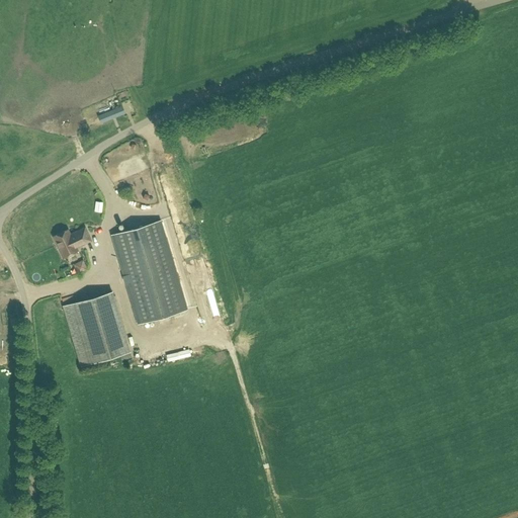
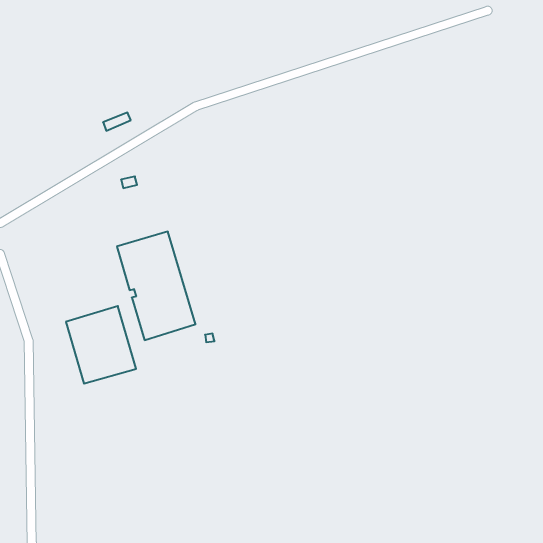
building: [53,228,90,258] -> none

